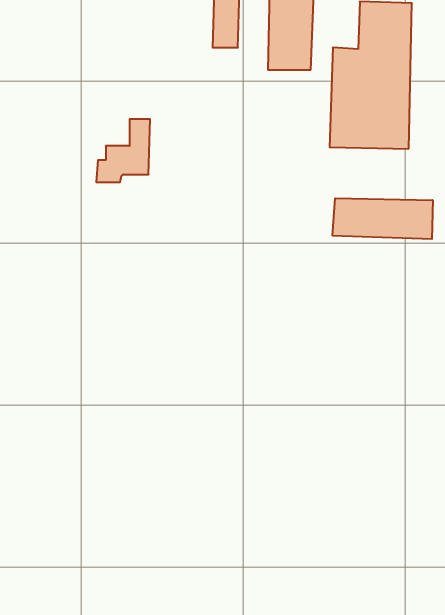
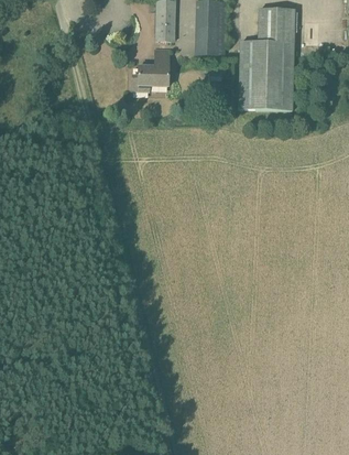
building: [96,119,150,182] -> [132,46,170,90]
building: [333,198,433,239] -> none

